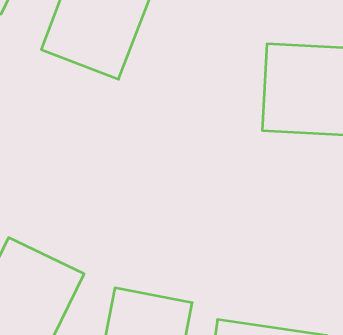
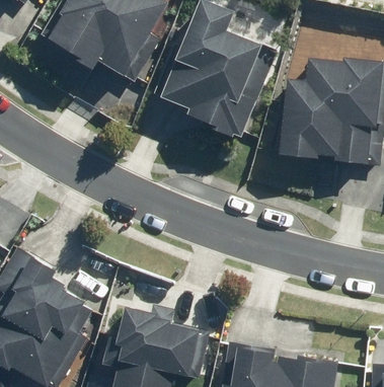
building: none -> [161,22,264,136]

